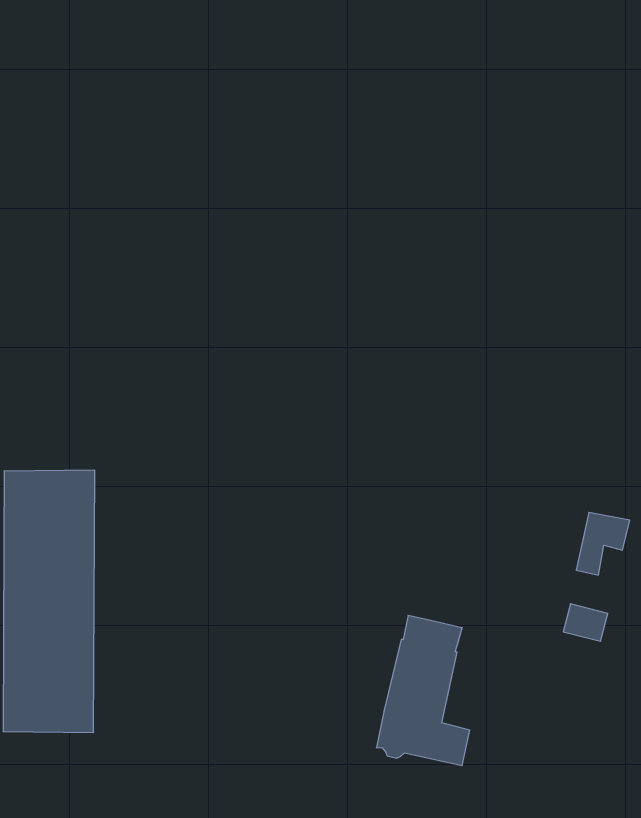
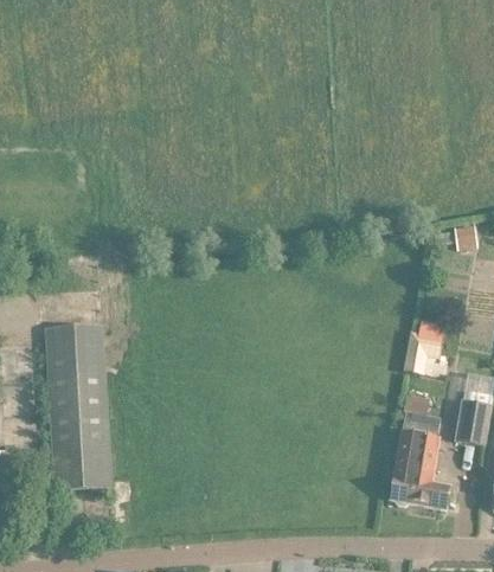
building: [376,615,470,765] -> [390,414,448,507]

